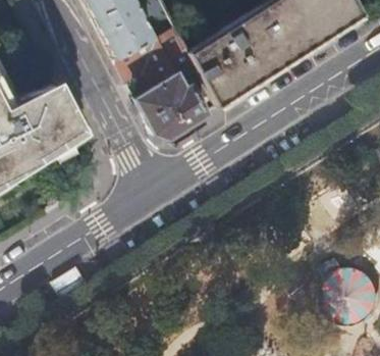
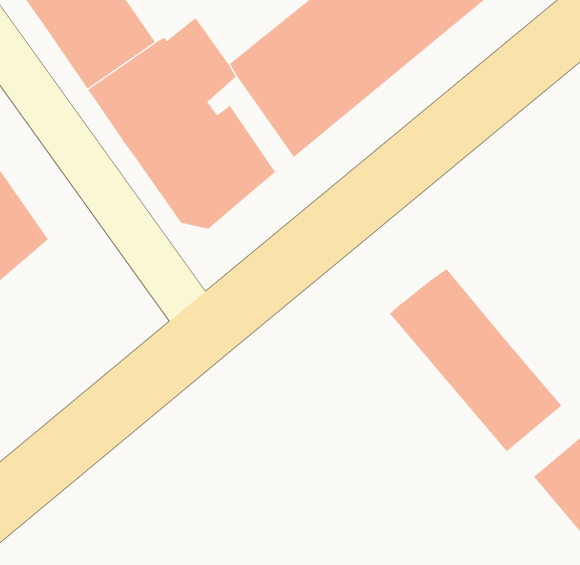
building: none -> [389,268,562,452]

